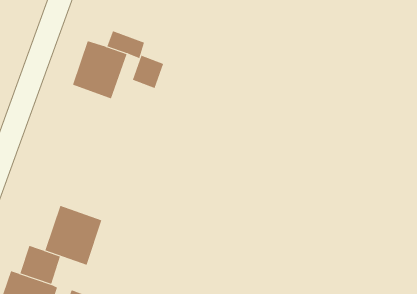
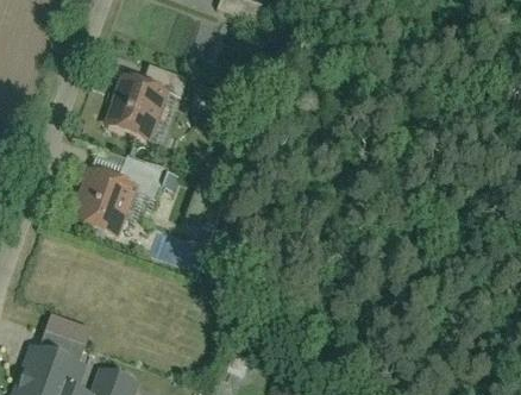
building: [132,55,164,89] -> none
building: [45,205,102,266] -> [69,165,137,237]

